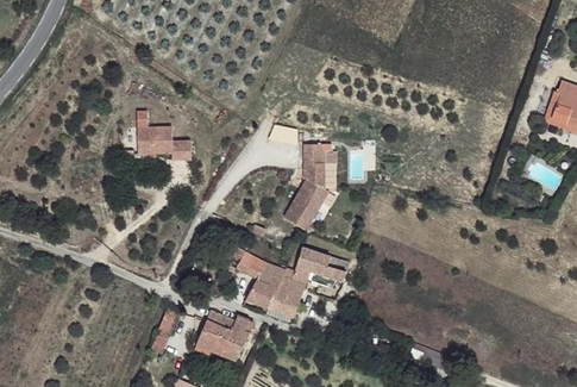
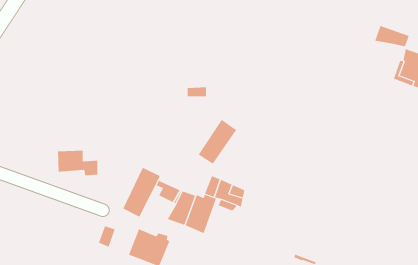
building: none -> [374,25,410,47]
building: [136,126,189,160] -> [57,150,98,176]
building: [315,135,337,181] -> none
building: none -> [122,167,161,218]

